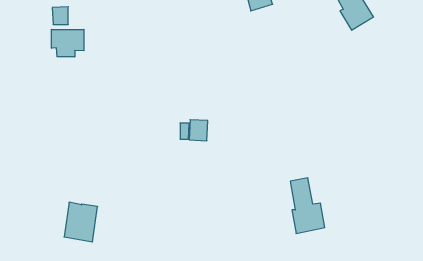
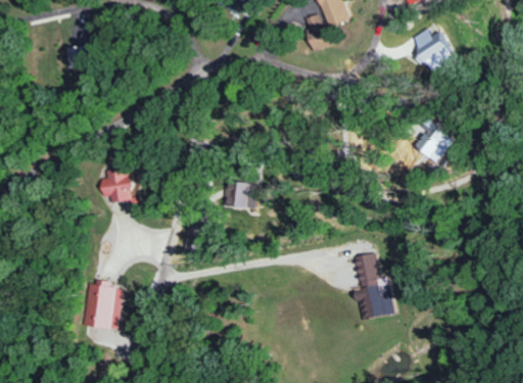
building: [51,29,84,57] -> none
building: none -> [413,122,454,161]
building: none -> [97,166,135,201]

